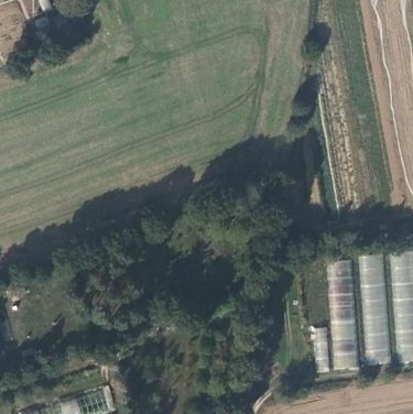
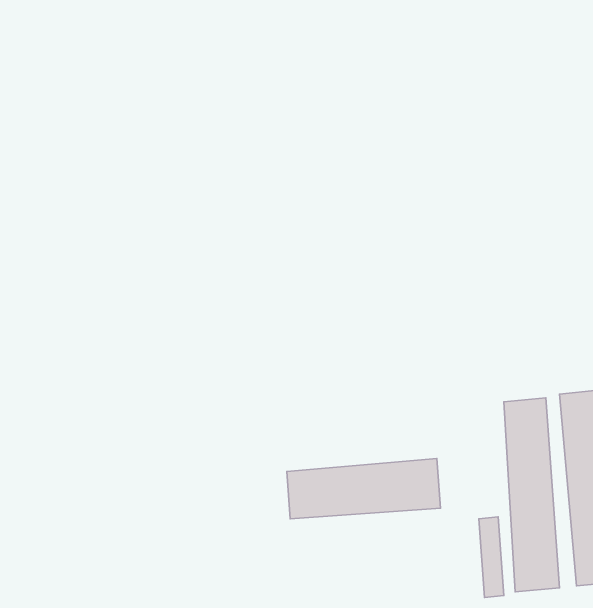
building: none -> [287,459,440,519]

